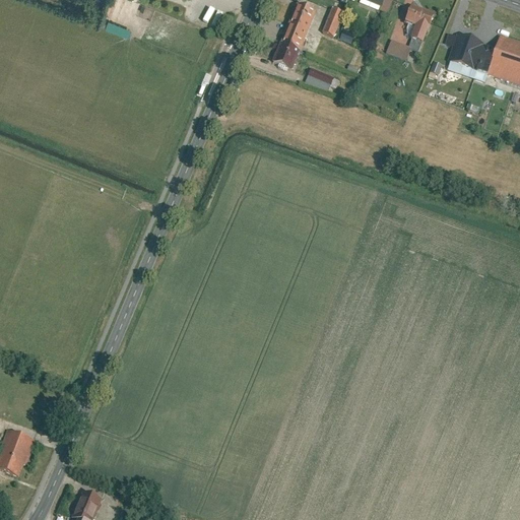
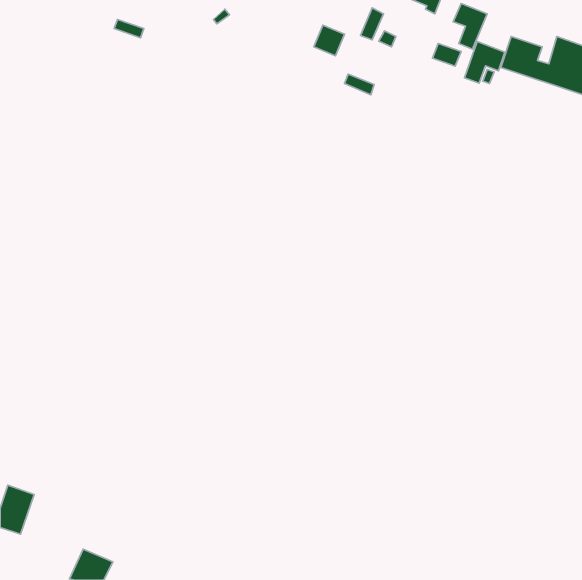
building: [288,4,316,30] -> none
building: none -> [464,42,505,83]
building: [272,42,300,69] -> none

